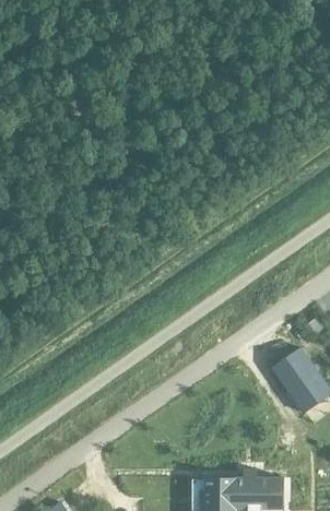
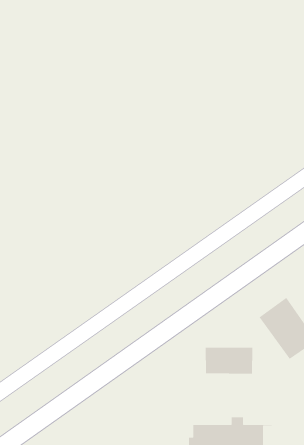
building: none -> [205,347,253,374]

